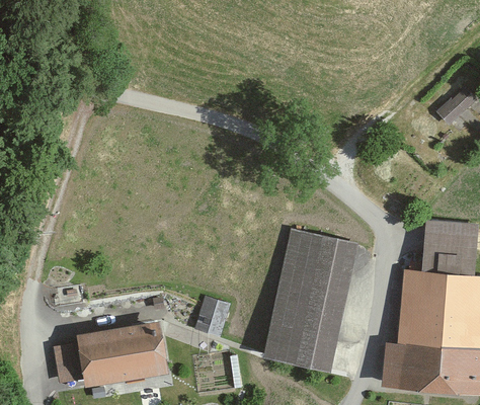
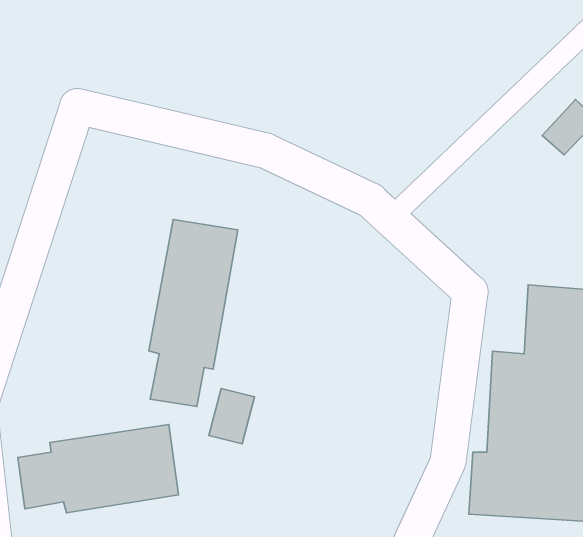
building: none -> [149,220,238,406]
building: [264,227,356,371] -> none

